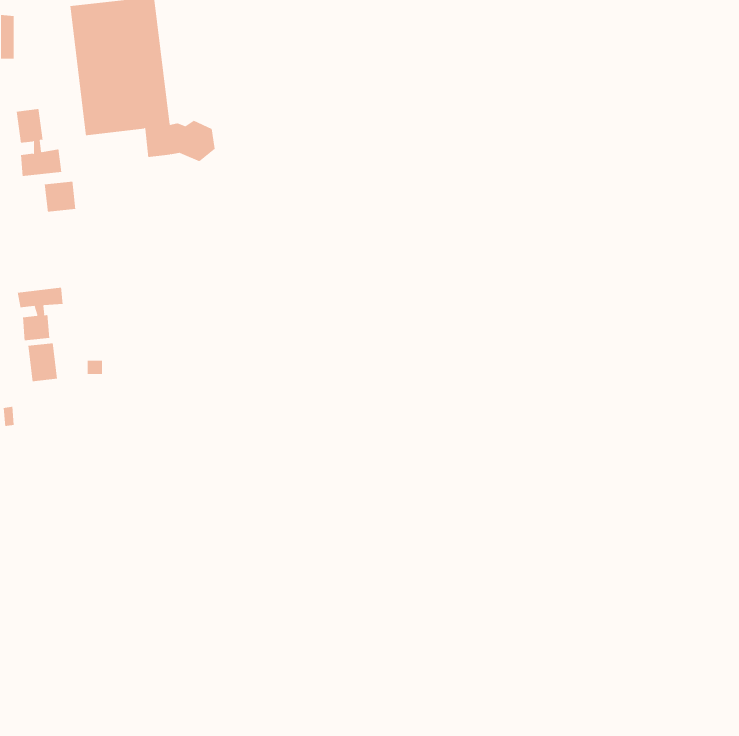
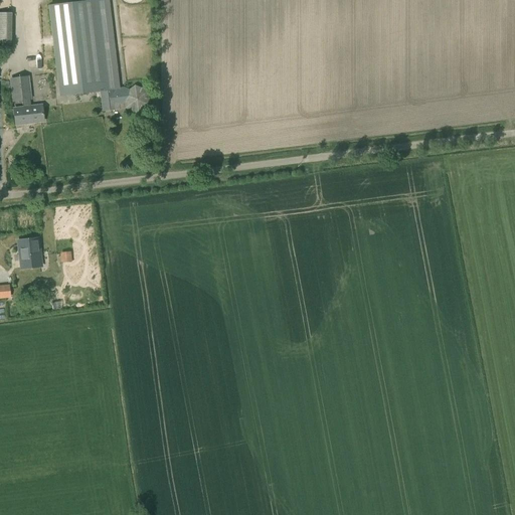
building: [44,181,76,212] -> none
building: [17,287,63,341] -> none

